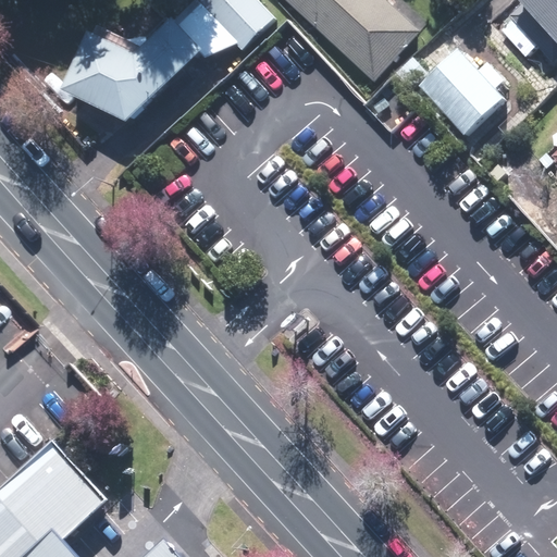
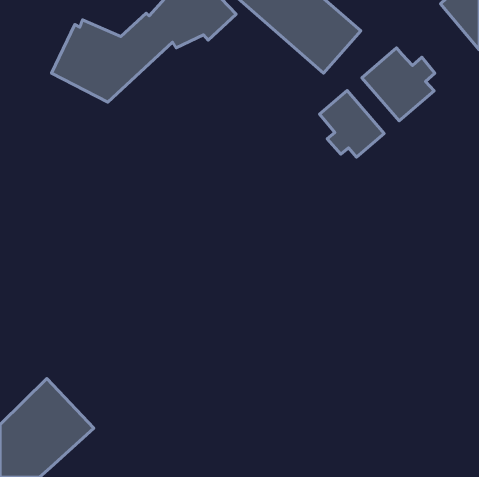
building: none -> [320,90,384,157]

